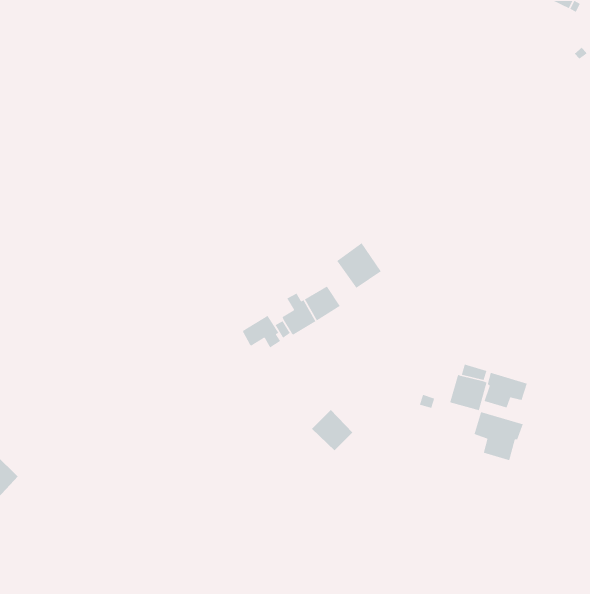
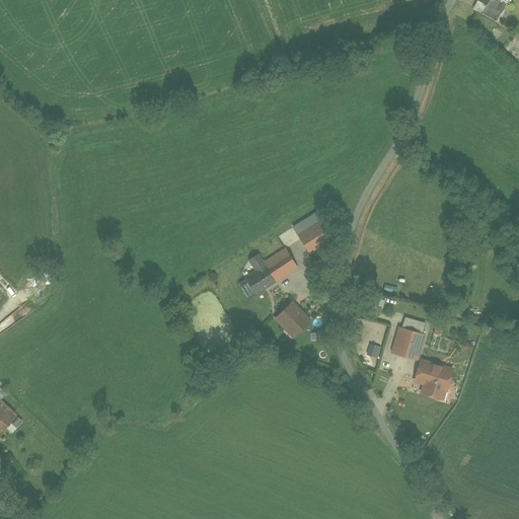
building: [242,315,281,348] -> none
building: [484,372,528,409] -> none
building: [311,409,353,451] -> [274,301,310,338]

